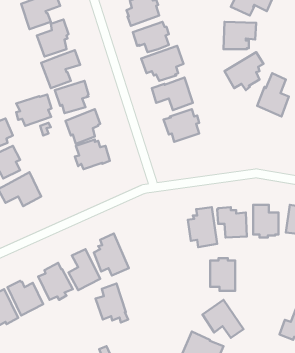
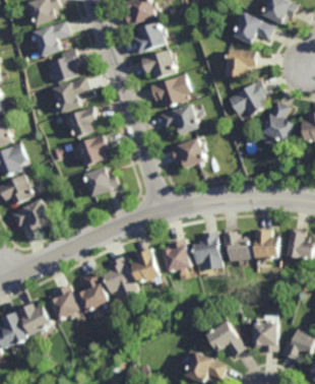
building: [16,94,51,126] -> none
building: none -> [163,238,191,271]
building: [210,258,235,291] -> [254,319,278,350]
building: [95,284,128,323] -> [131,246,163,283]

